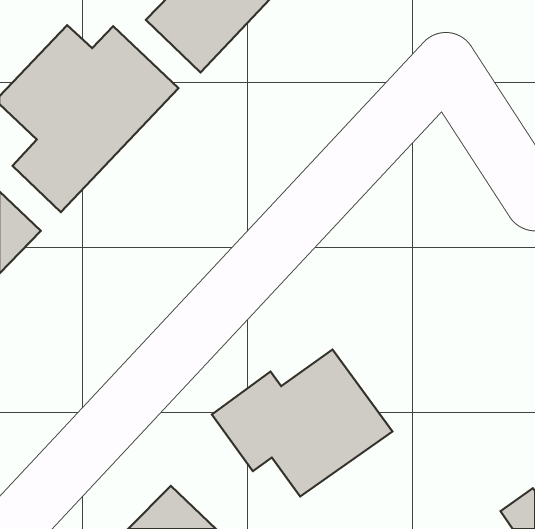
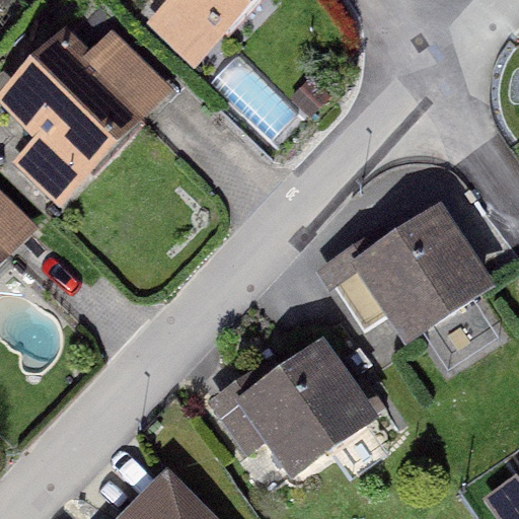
building: none -> [314,201,496,346]

